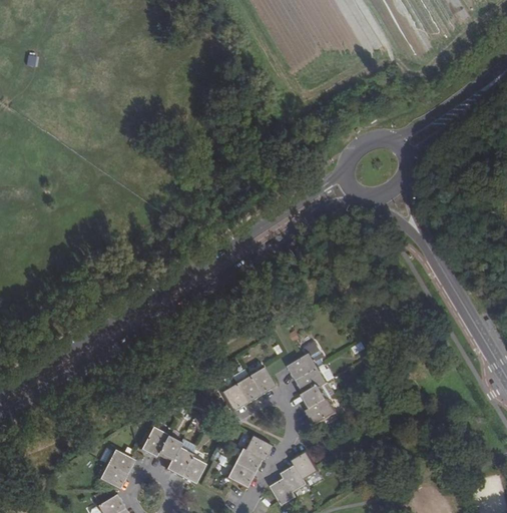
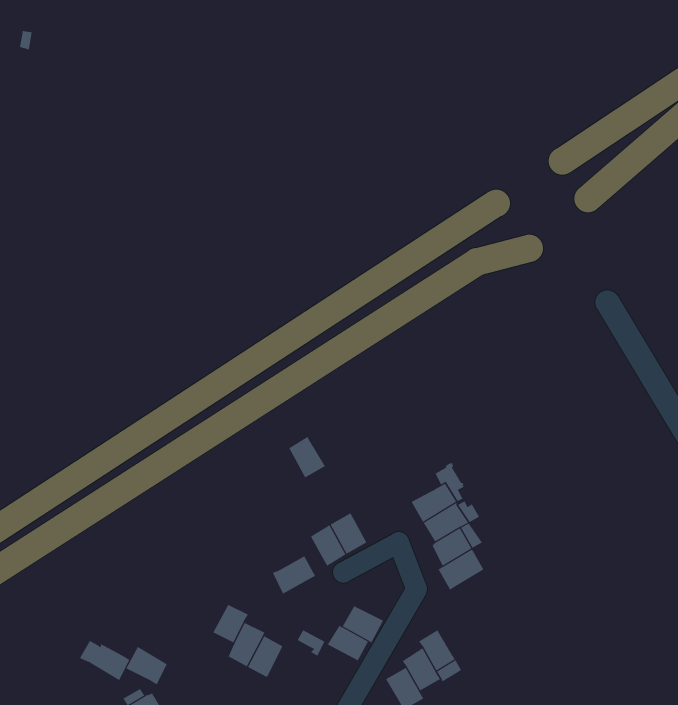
building: [248,366,274,394] -> [288,436,326,478]
building: none -> [272,556,316,595]
building: [140,427,166,457] -> none
building: [99,448,133,475] -> [79,640,130,681]
building: [225,462,254,487] -> none

